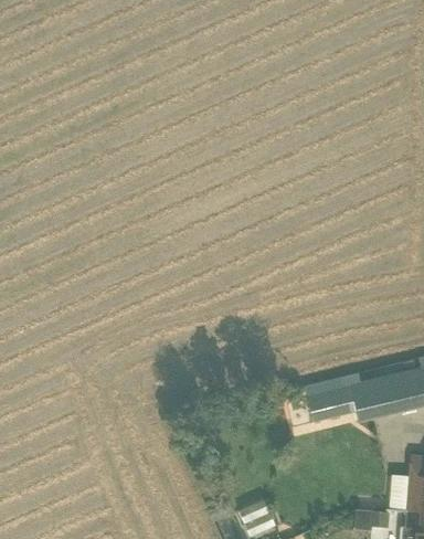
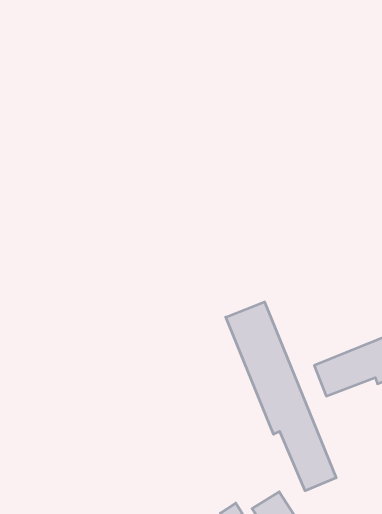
building: none -> [226,302,336,491]

